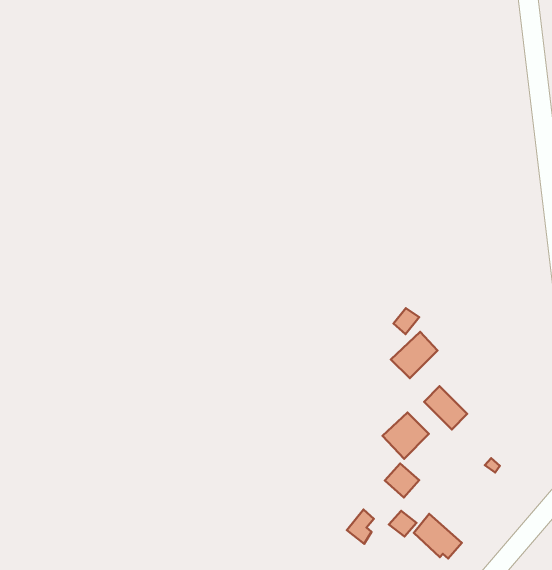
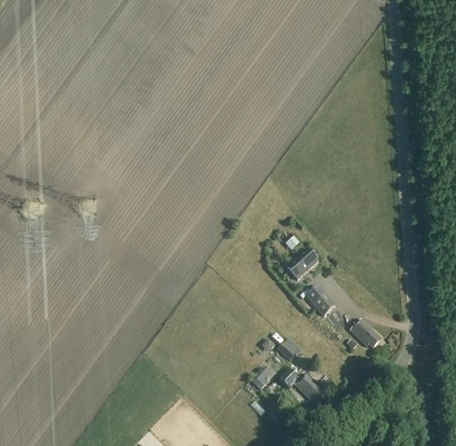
building: [382,413,429,459] -> none
building: none -> [349,319,380,349]

